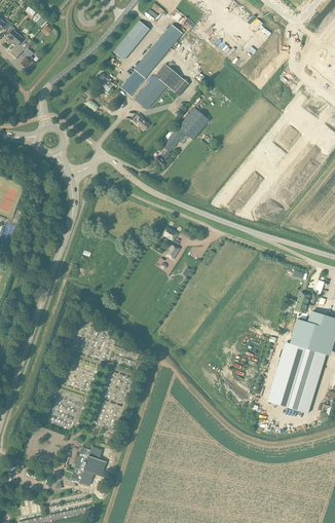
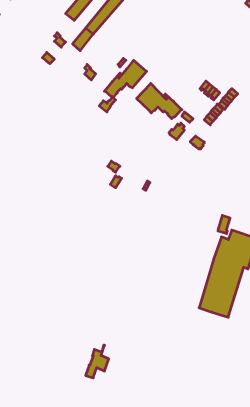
building: [135,64,188,109] -> none
building: none -> [137,83,182,119]
building: [71,443,99,482] -> [86,345,109,378]

